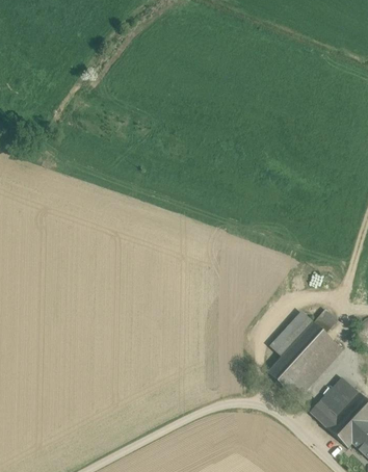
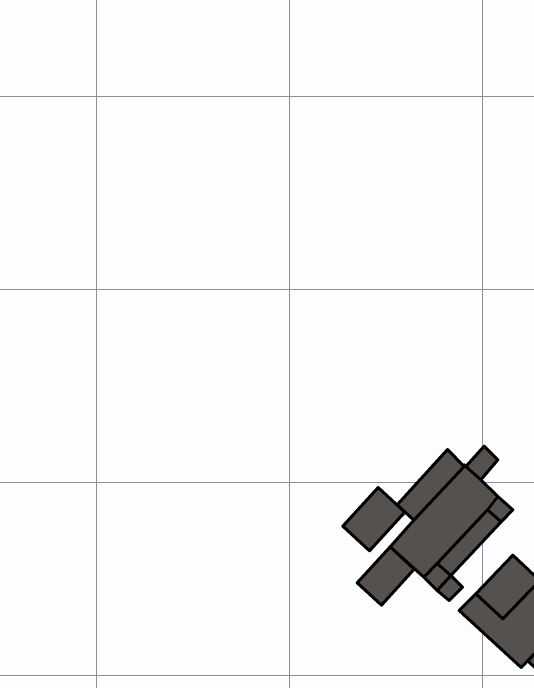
building: none -> [343,487,405,551]
building: none -> [357,547,414,605]

